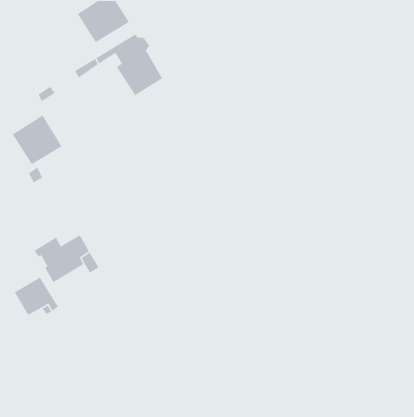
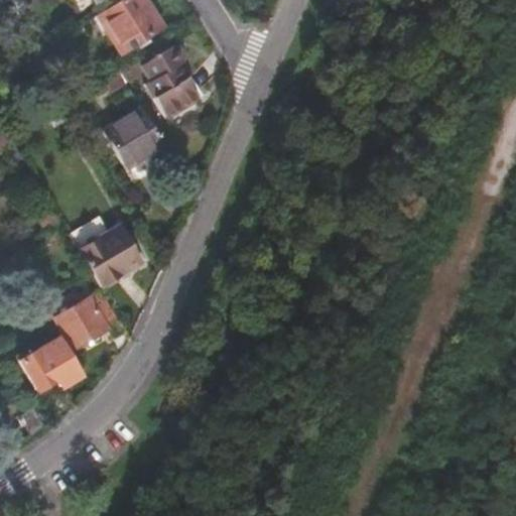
building: [12,115,63,165] -> [104,106,166,168]
building: none -> [79,225,143,286]

